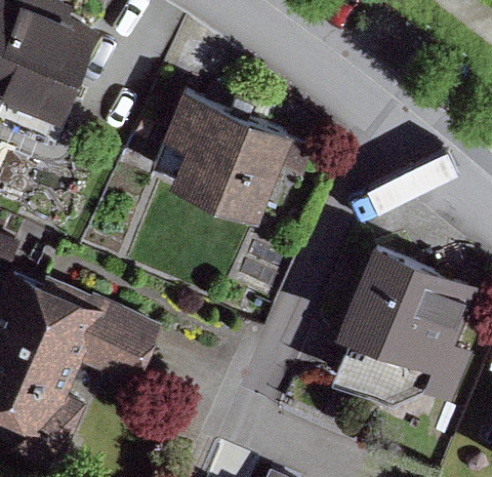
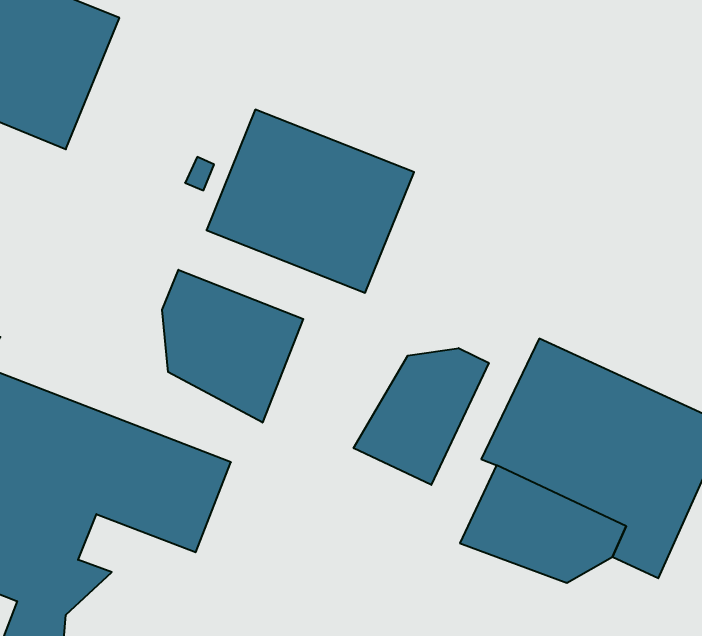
building: none -> [162,270,303,423]
building: none -> [354,348,489,485]

